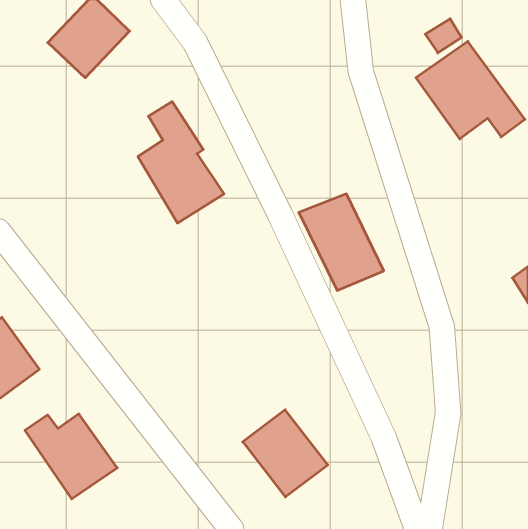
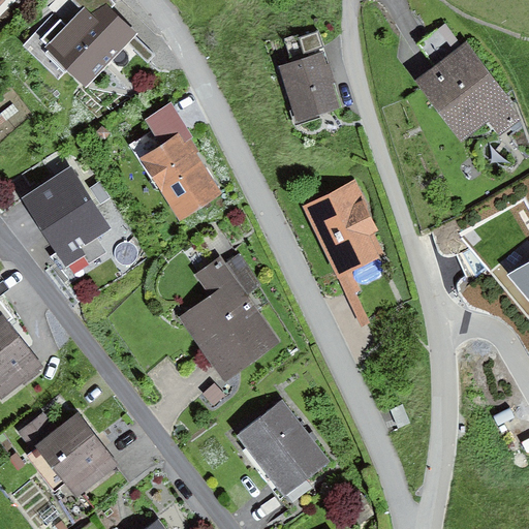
building: none -> [282,50,337,116]
building: none -> [25,168,106,258]
building: none -> [178,250,279,384]

